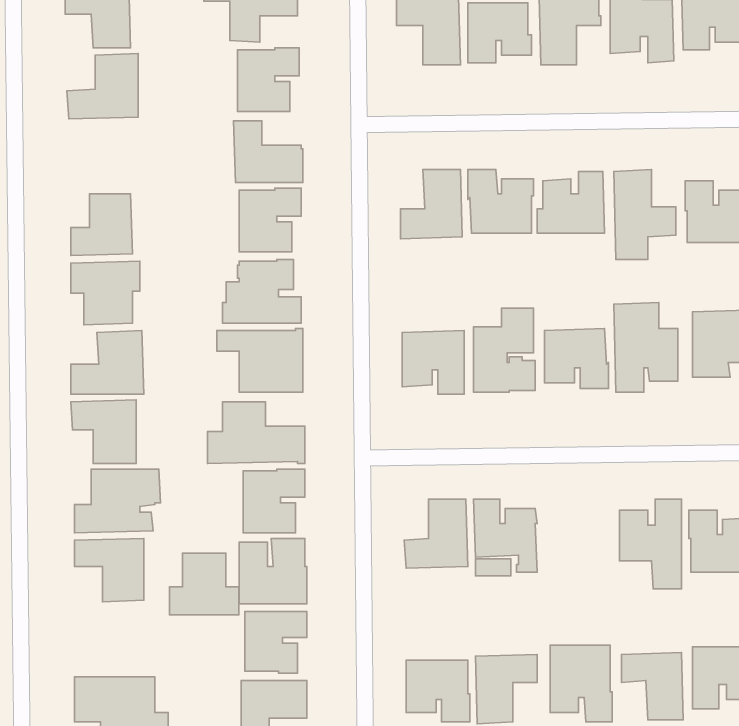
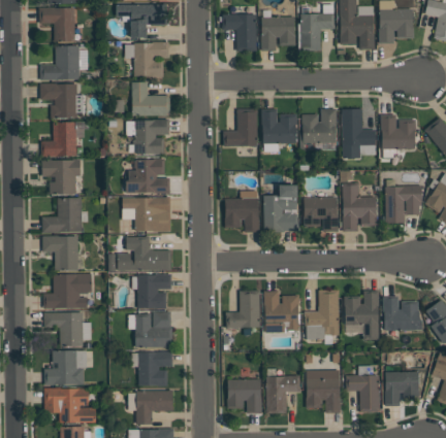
building: none -> [40,85,83,119]
building: none -> [305,290,340,340]
building: [170,553,239,615] -> [45,350,84,384]

